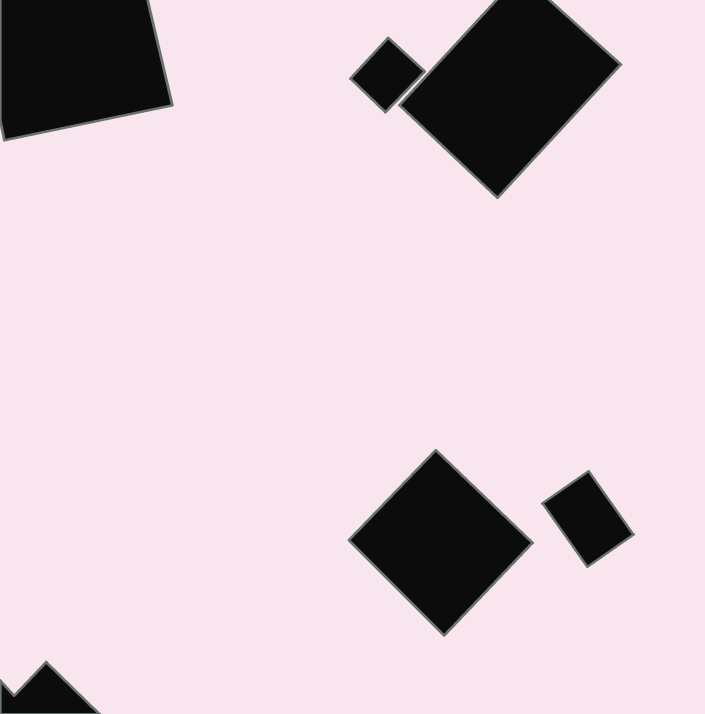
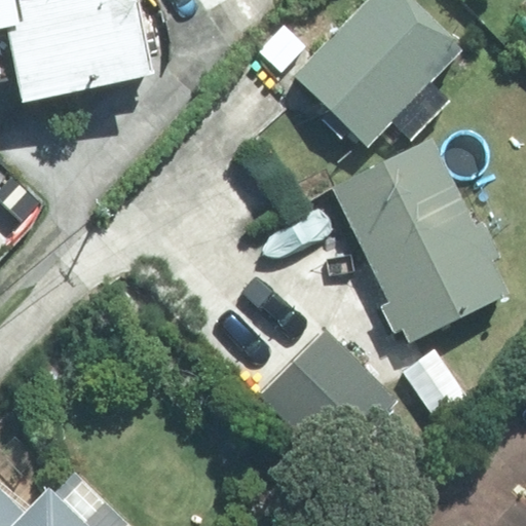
building: none -> [332,140,506,343]

